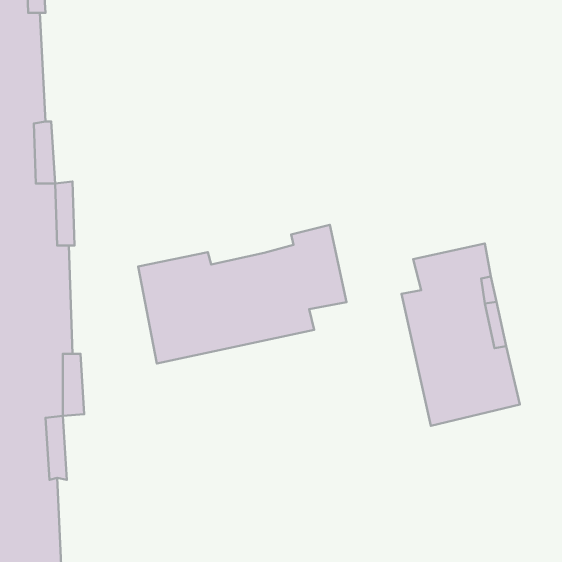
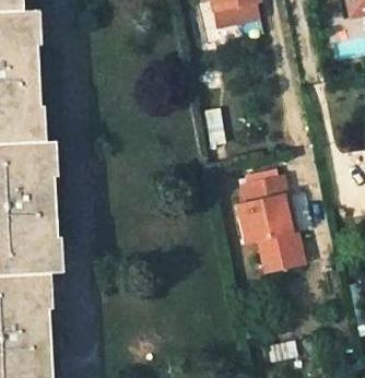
building: [138,225,347,363] -> none

